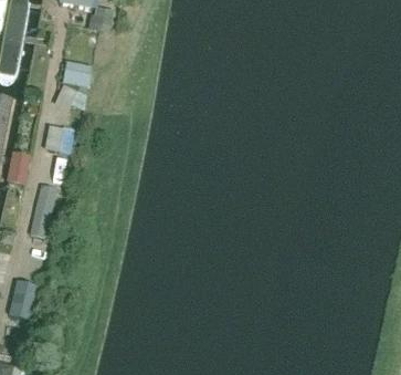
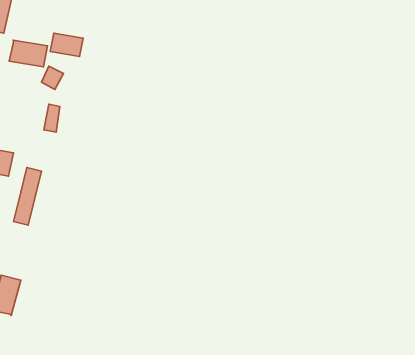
building: none -> [9,40,47,67]

